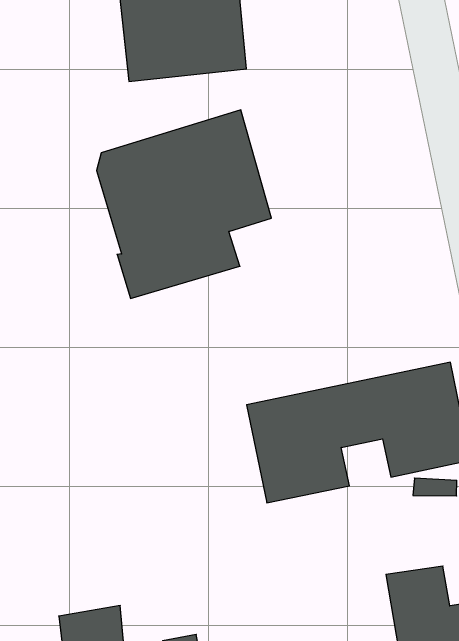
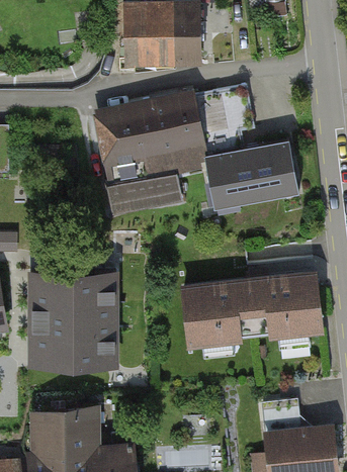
building: none -> [193,86,298,203]
building: none -> [35,273,115,365]

